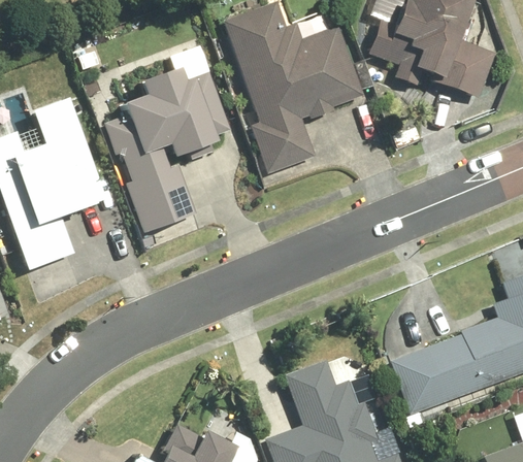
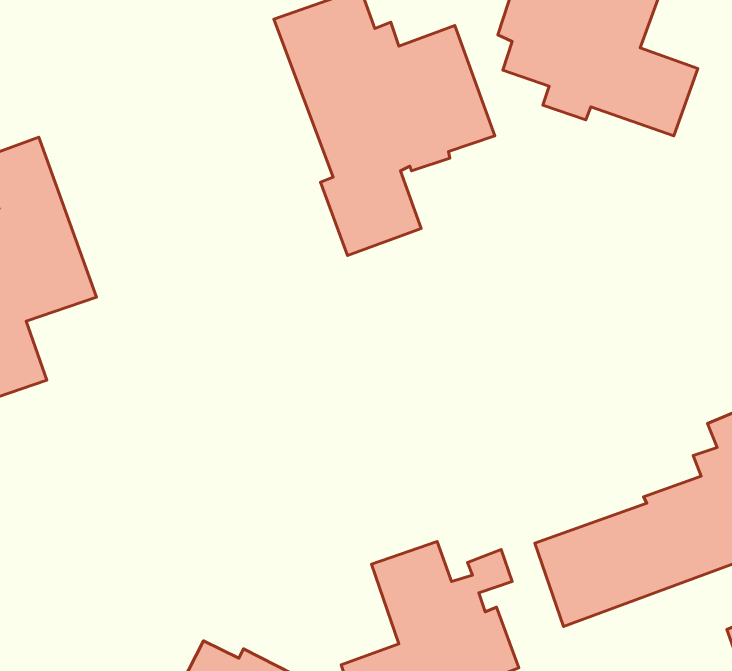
building: [105,68,232,233] -> none

